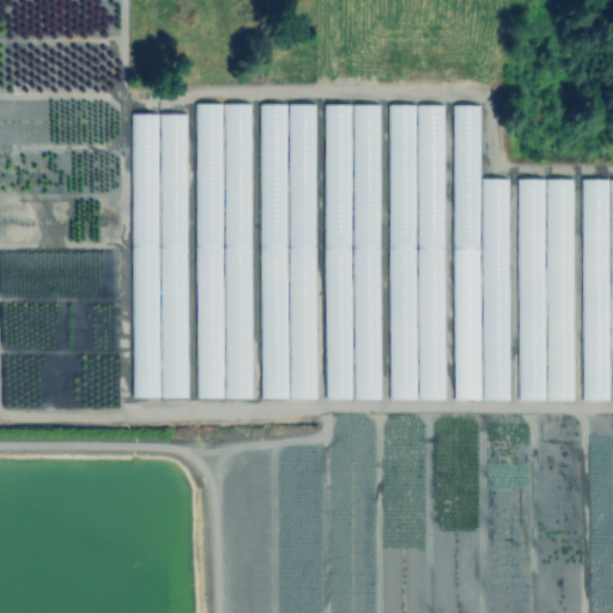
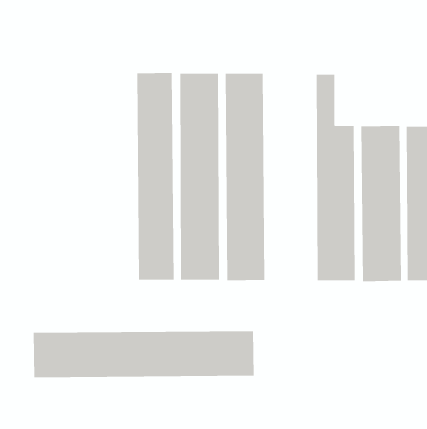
building: [387,105,447,400] -> none
building: [132,114,189,399] -> none
building: none -> [33,330,254,378]

